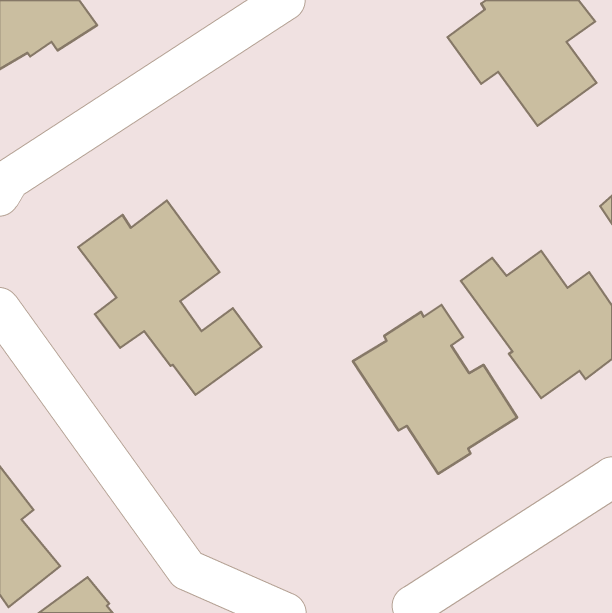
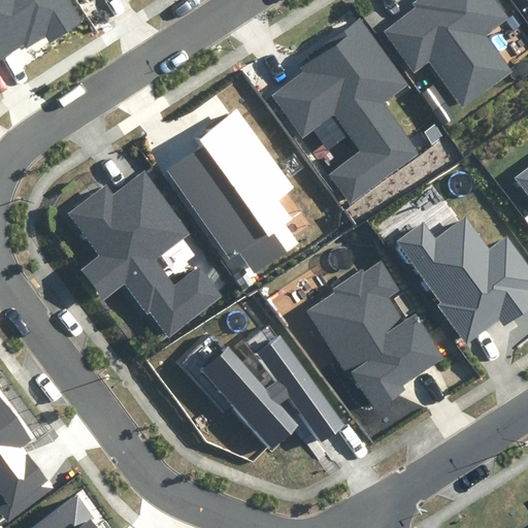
building: none -> [268,25,419,205]
building: none -> [164,107,296,273]
building: none -> [200,335,342,451]

